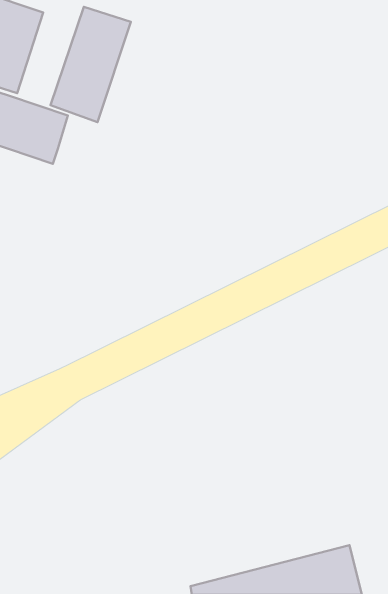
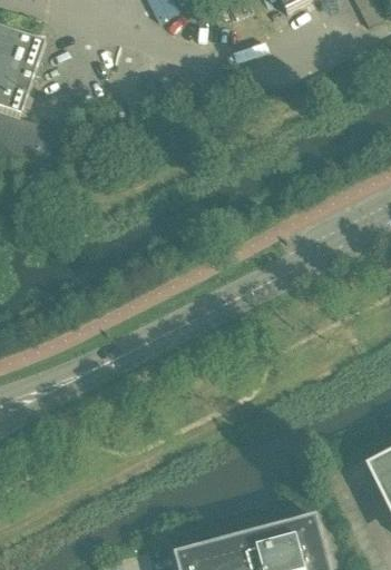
building: [50,7,131,122] -> none

